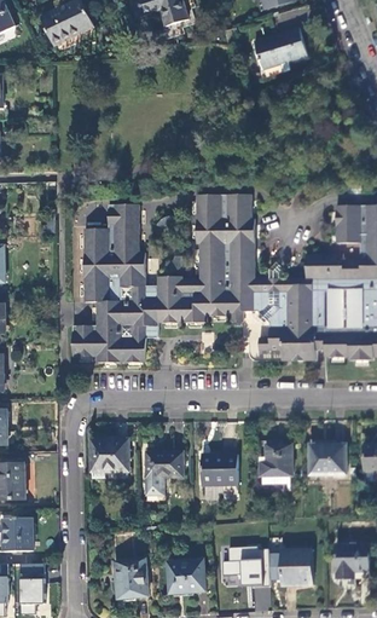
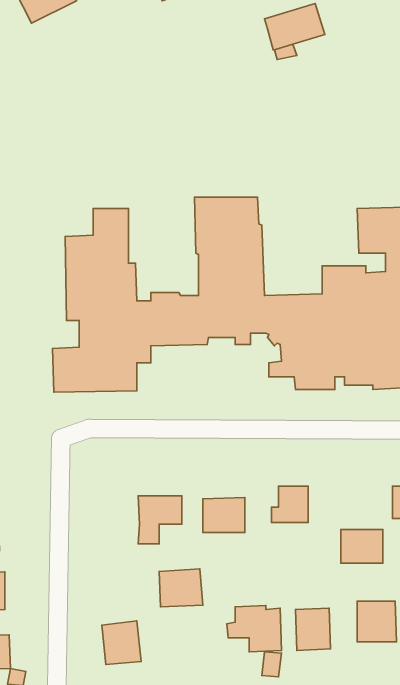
building: [93,440,129,470] -> none
building: [311,443,347,472] -> [341,530,383,563]
building: [168,560,205,593] -> [159,569,203,607]

